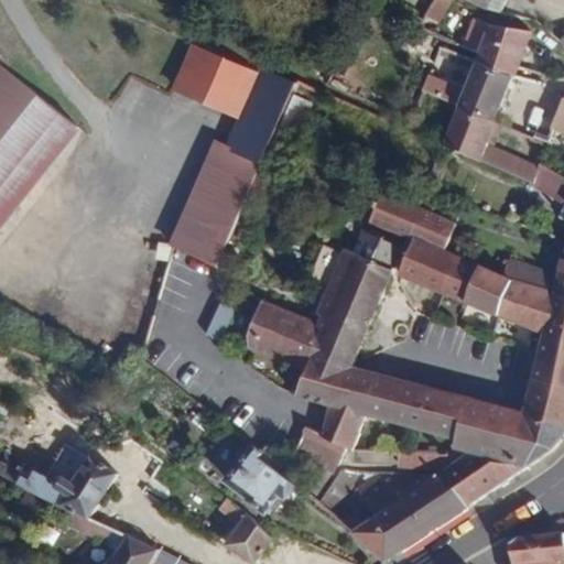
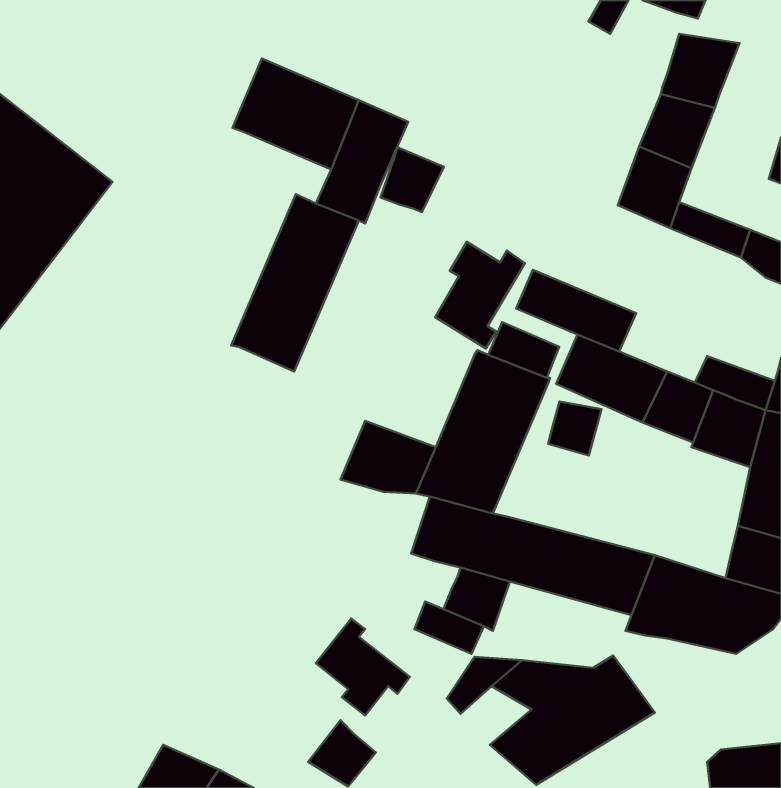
building: none -> [381,147,444,212]
building: none -> [435,242,525,349]
building: none -> [548,402,601,456]
building: [438,454,527,509] -> none
building: [14,457,112,519] -> none

